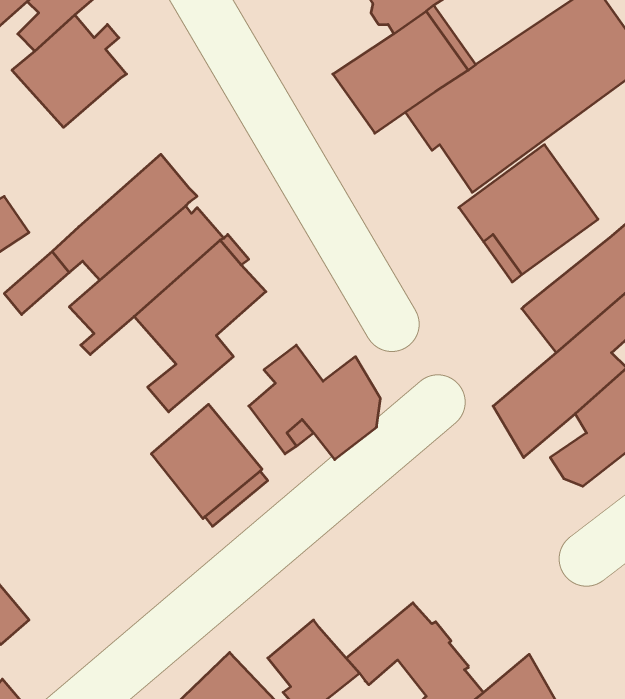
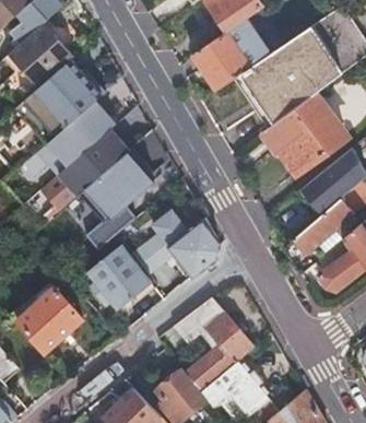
building: none -> [15,58,102,143]
building: none -> [16,287,82,352]
building: none -> [163,297,250,390]

